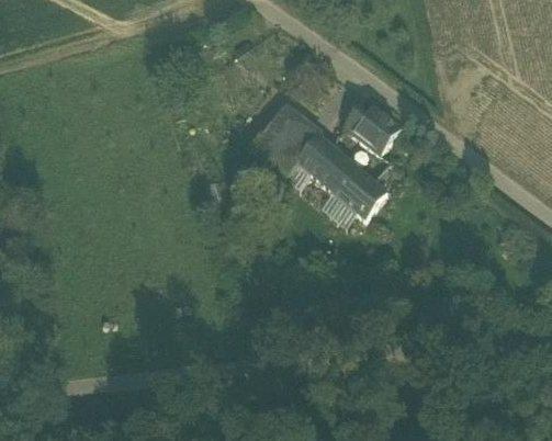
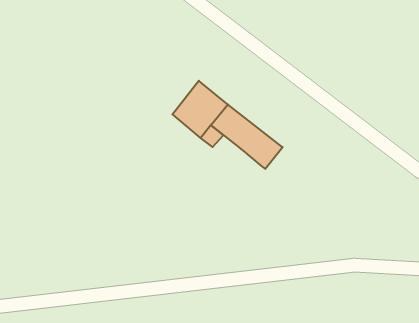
building: [343,95,402,151] -> none
building: [322,185,359,220] -> none

